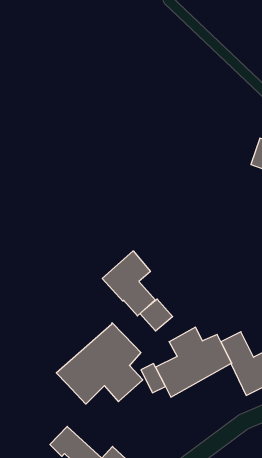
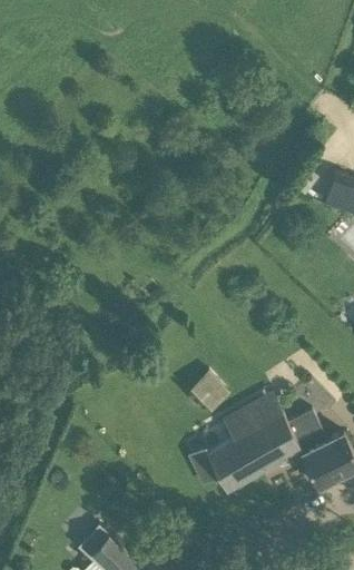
building: [102,251,155,316] -> none
building: [56,323,143,404] -> none

